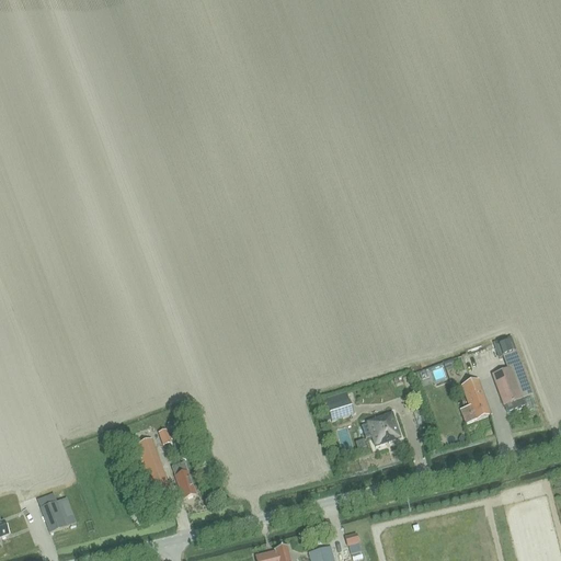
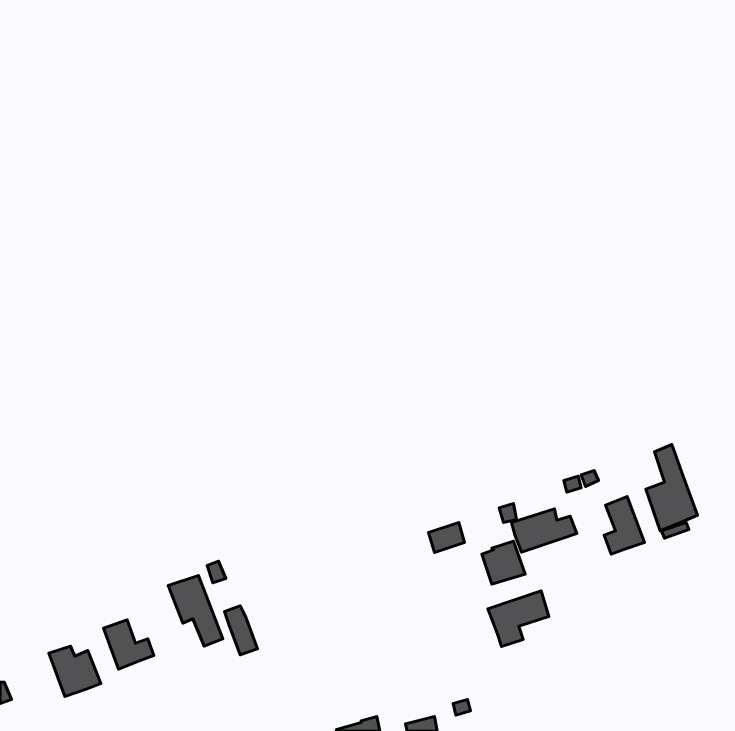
building: none -> [511,509,577,552]
building: none -> [488,591,549,646]
building: none -> [104,620,154,669]

